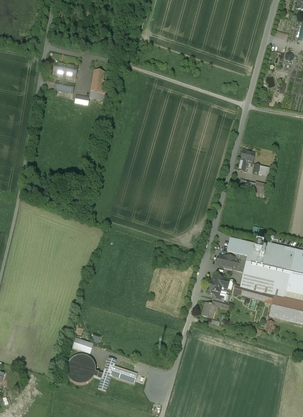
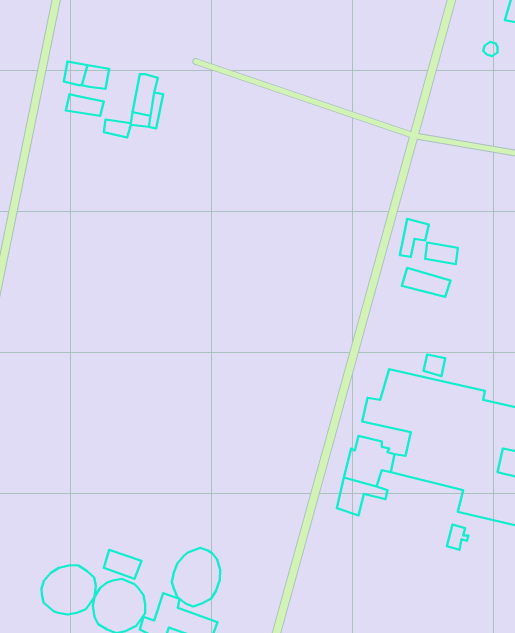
building: none -> [172,548,220,606]
building: none -> [41,565,96,615]

